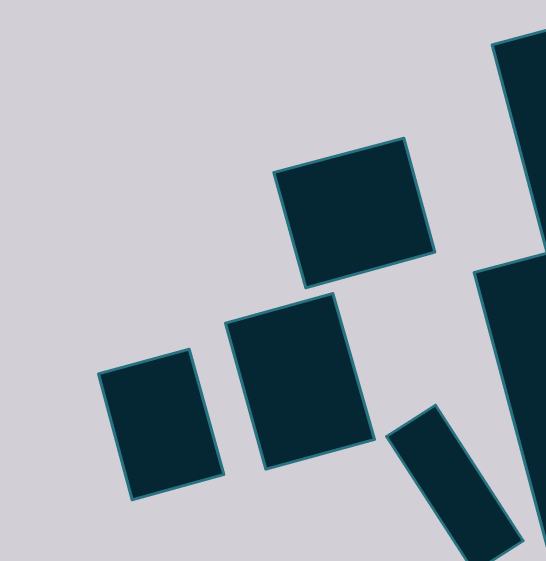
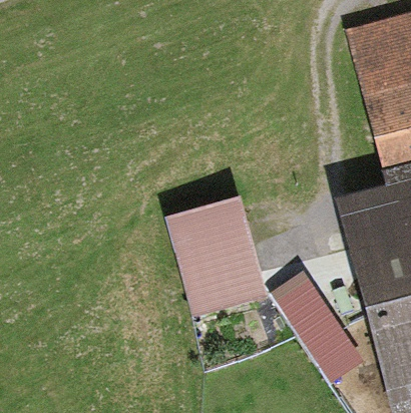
building: [274,138,435,288] -> none
building: [99,349,224,500] -> none

